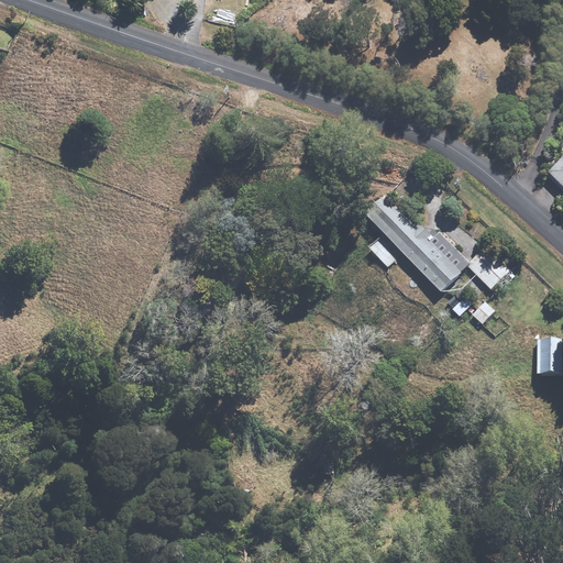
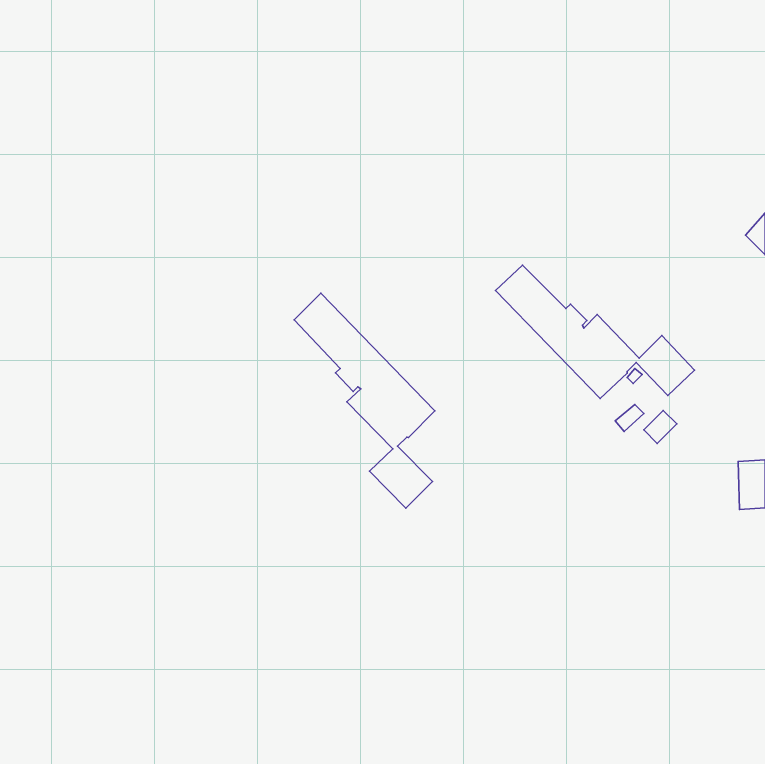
building: none -> [294,293,435,508]

